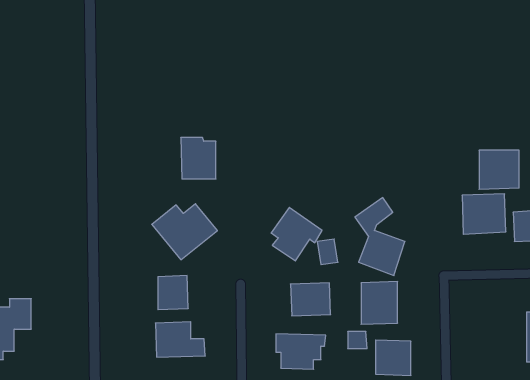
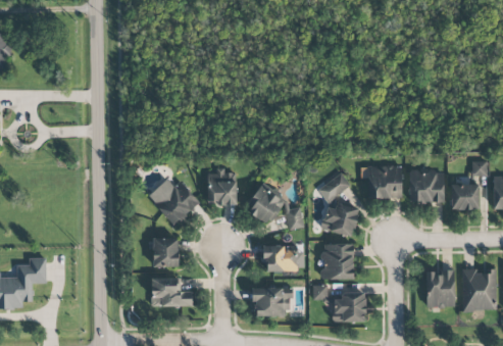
building: [181,138,216,179] -> [207,170,237,205]
building: [479,150,519,189] -> [368,166,402,199]
building: none -> [426,270,455,308]

